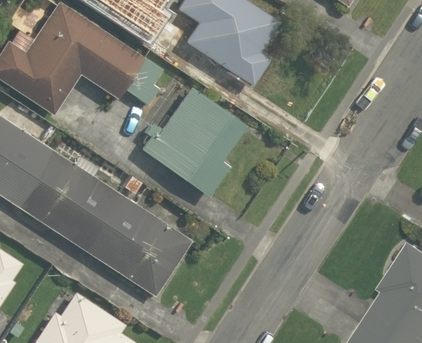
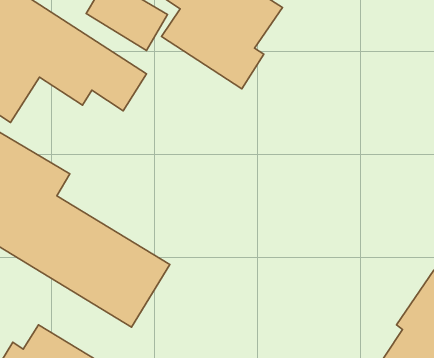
building: [144,88,242,197] -> none

